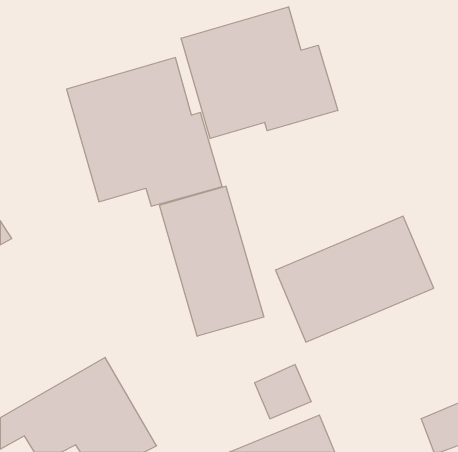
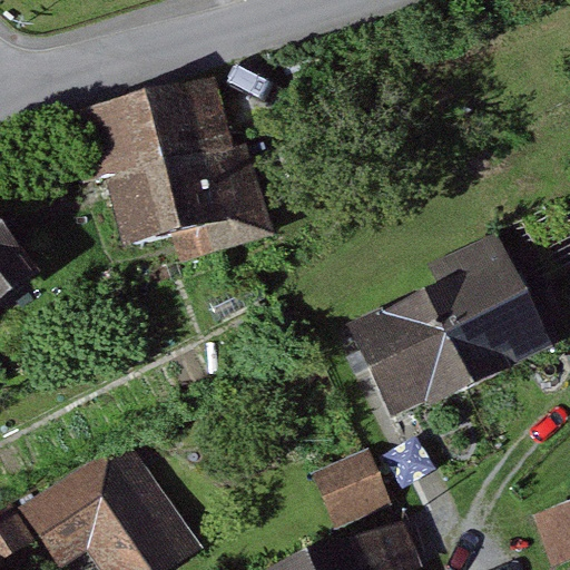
building: [181,7,338,139] -> none
building: [159,186,264,336] -> none

